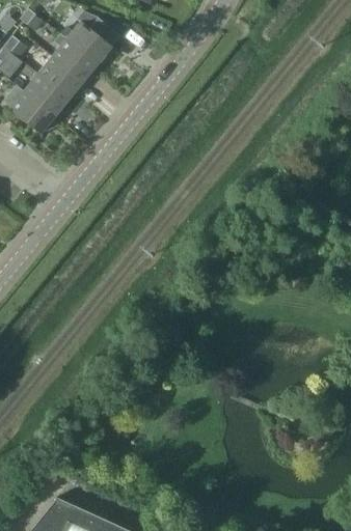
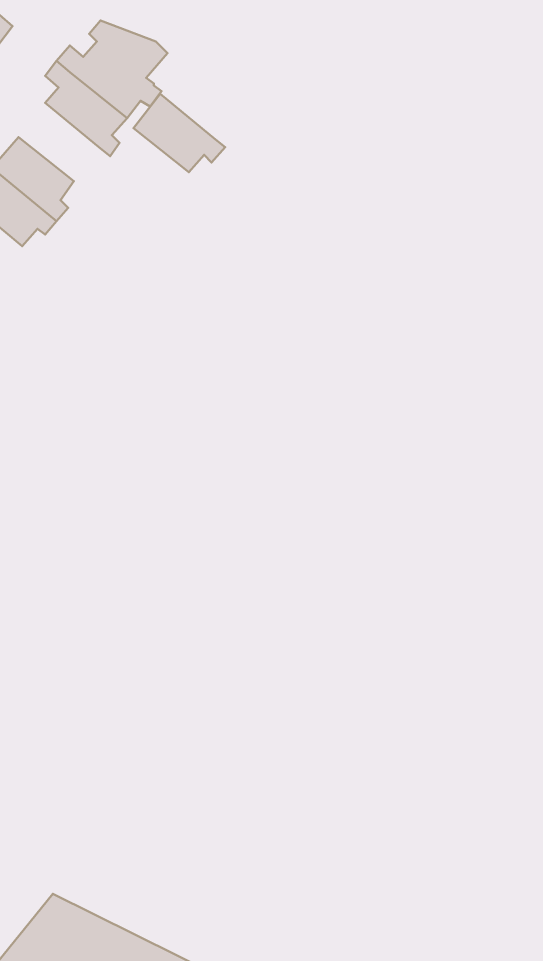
building: [37,59,87,102] -> [133,94,225,172]

